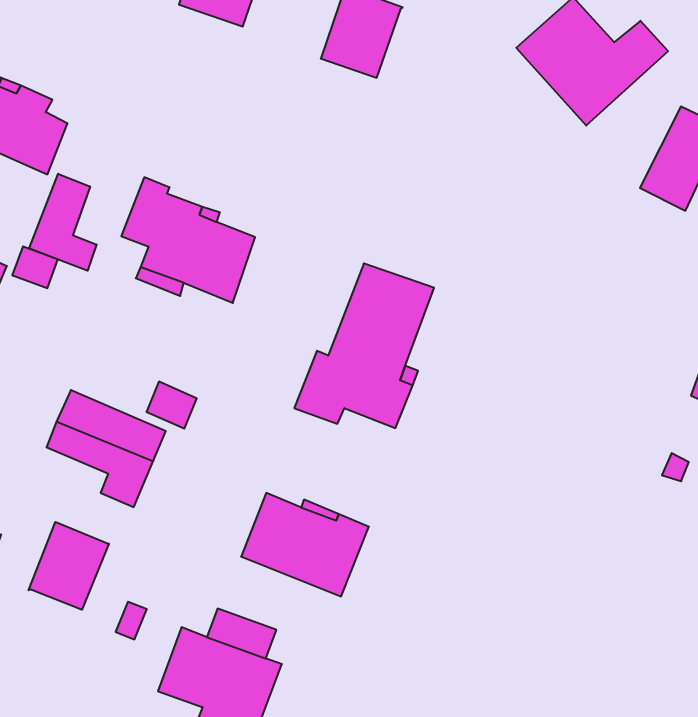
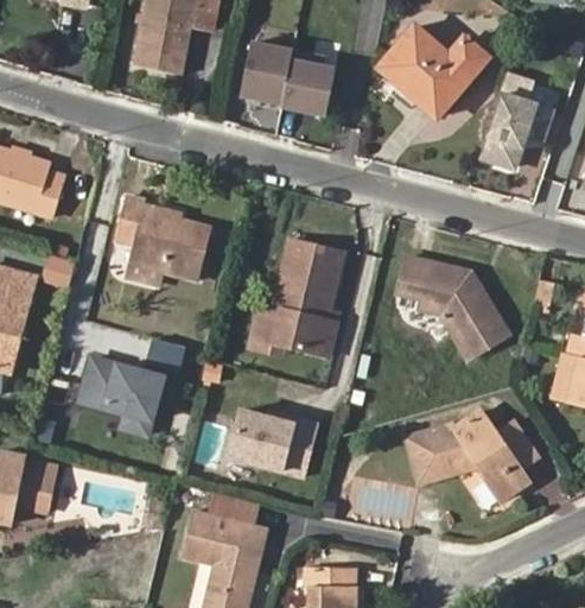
building: none -> [281,53,335,118]
building: [29,174,97,271] -> none
building: none -> [396,256,507,356]
building: [29,522,109,610] -> none
building: none -> [407,414,538,505]

